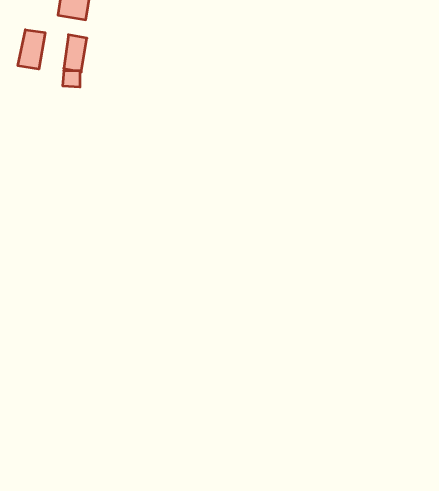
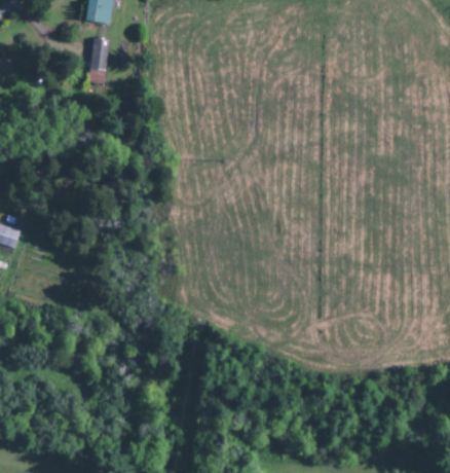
building: [18,30,45,69] -> none

